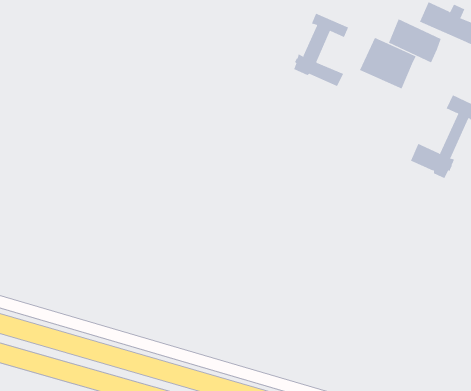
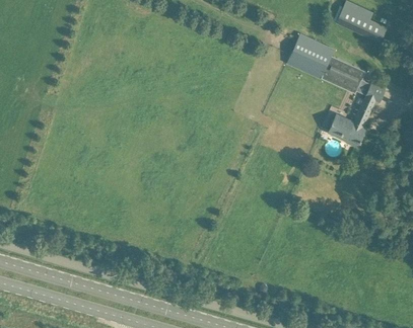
building: [294,13,349,87] -> none
building: [388,19,442,63] -> [324,56,366,91]

